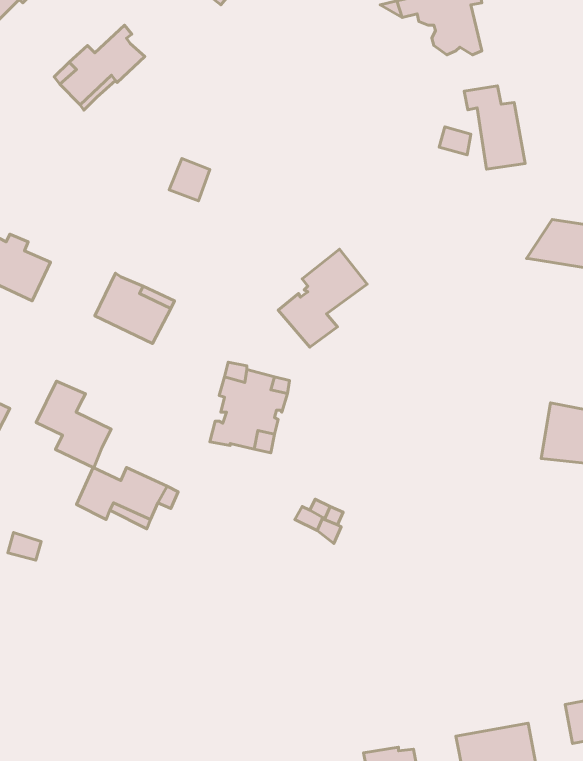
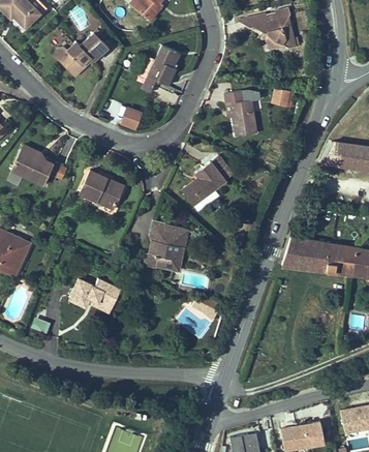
building: none -> [140,48,180,94]
building: [464,86,525,169] -> [223,91,257,138]
building: [36,381,111,468] -> none
building: none -> [284,237,334,274]

